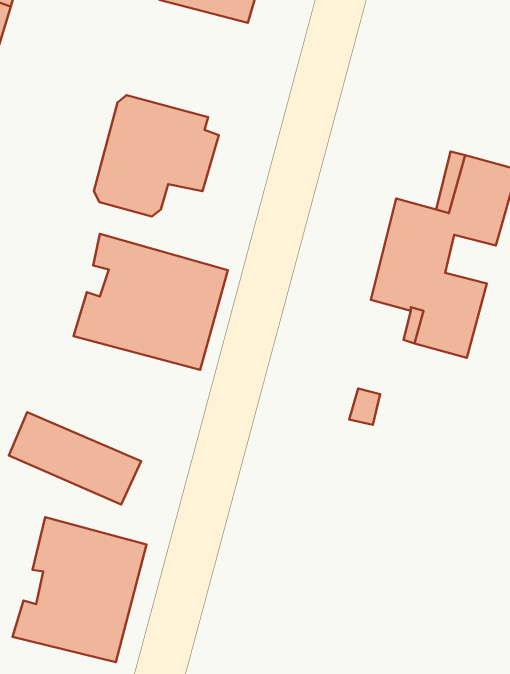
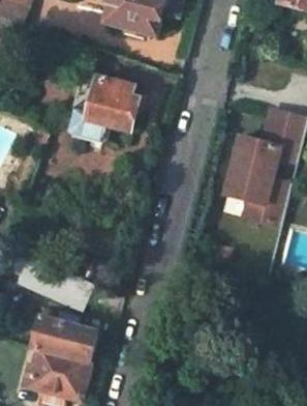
building: [73,234,228,370] -> none

